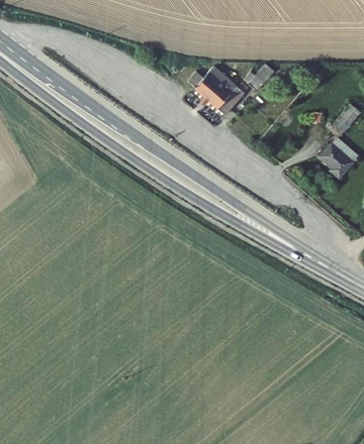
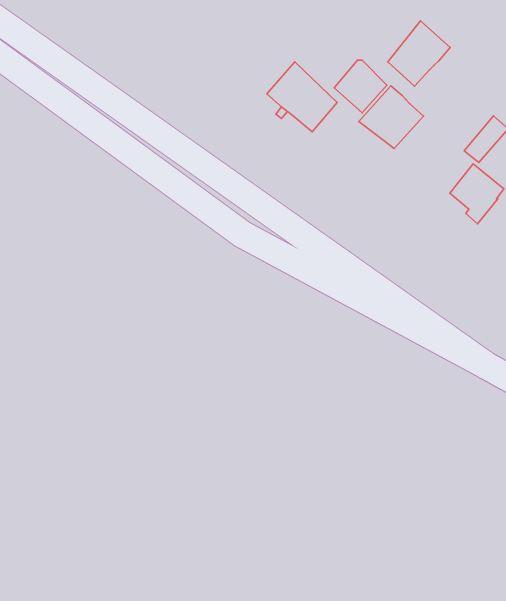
building: none -> [388,21,450,86]
building: none -> [359,86,423,148]

